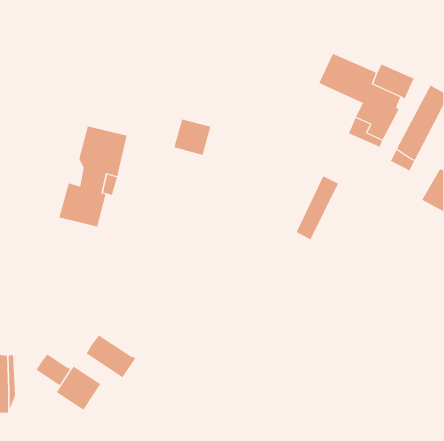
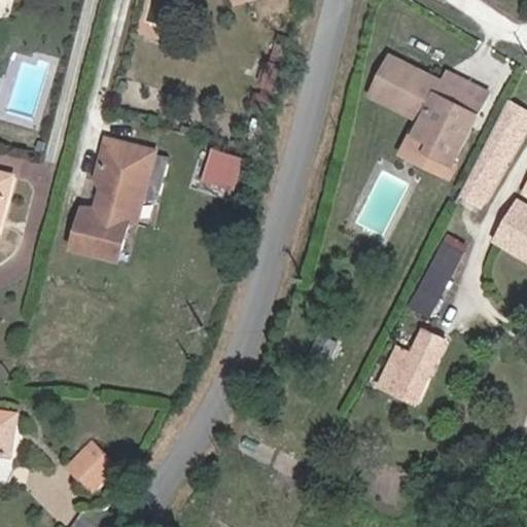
building: [296,176,339,240] -> [413,233,463,309]
building: none -> [375,327,441,398]
building: [86,334,136,378] -> none
building: [36,354,71,386] -> none

